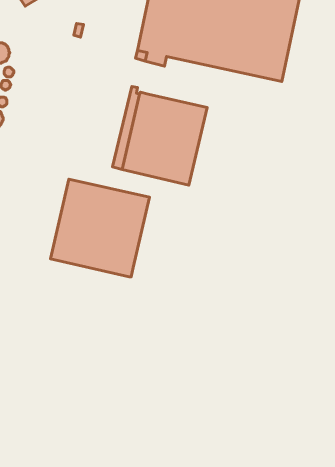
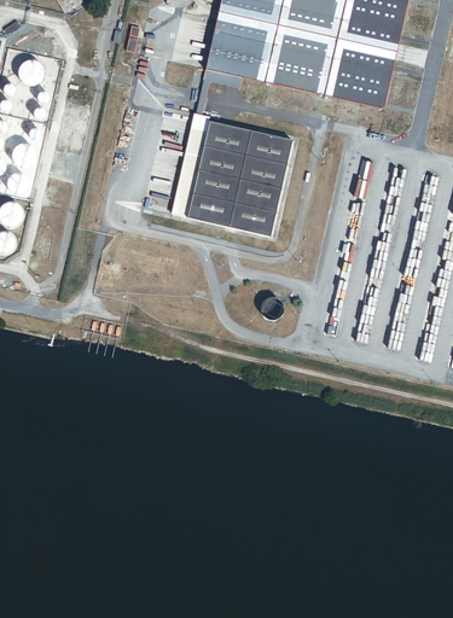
building: [51,179,150,277] -> none

